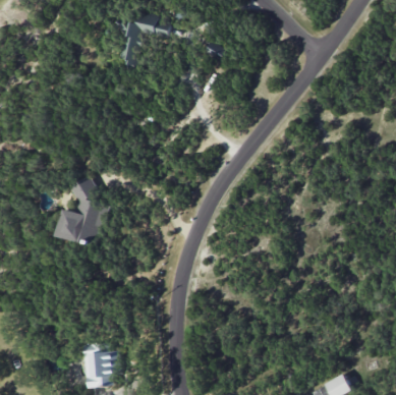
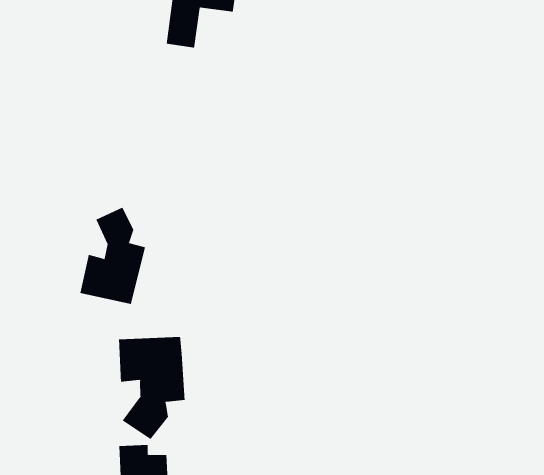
building: none -> [118,336,185,440]

